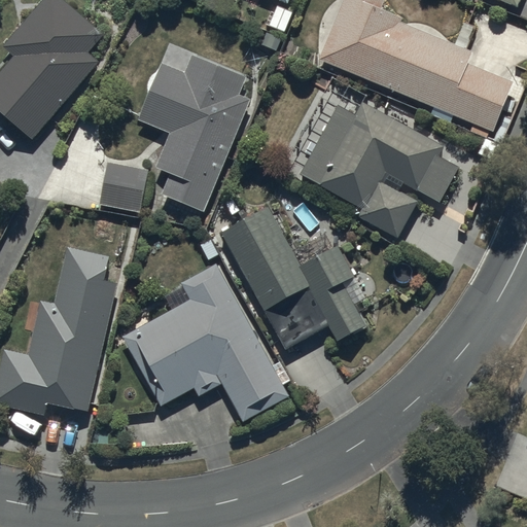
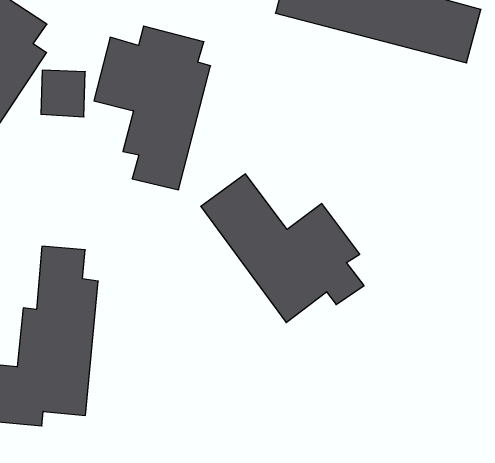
building: [300,103,458,239] -> none
building: [100,163,147,212] -> [41,70,85,117]
building: [122,266,291,421] -> none

